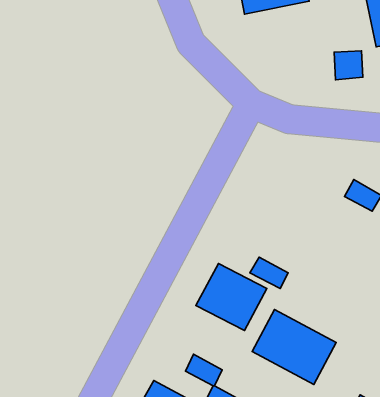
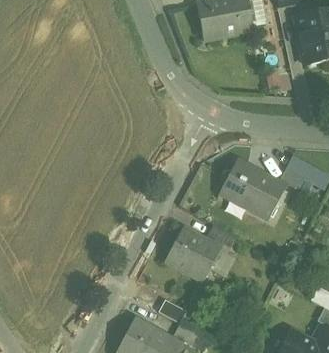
building: [252,310,336,384] -> [221,161,285,218]

